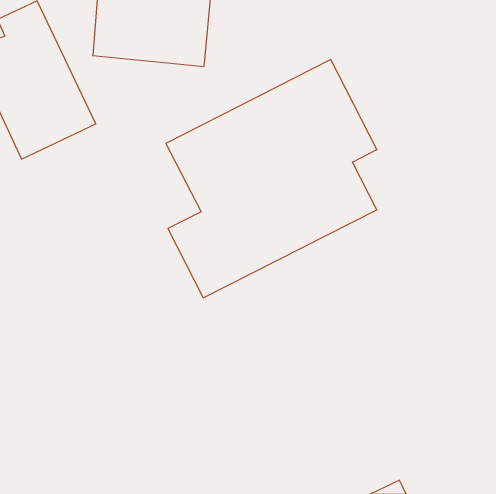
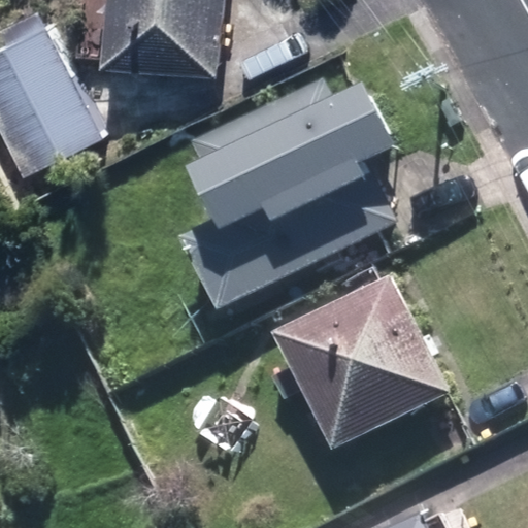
building: none -> [269,273,450,454]

